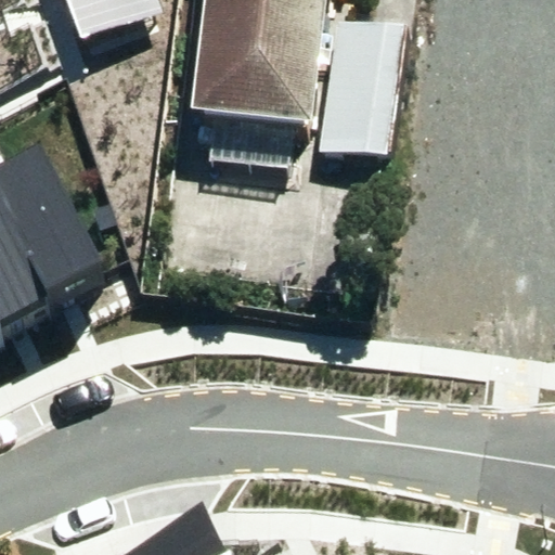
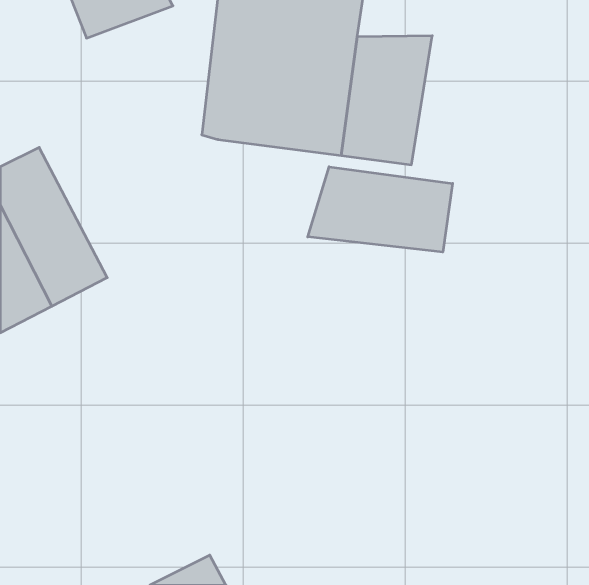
building: none -> [308,167,453,252]

